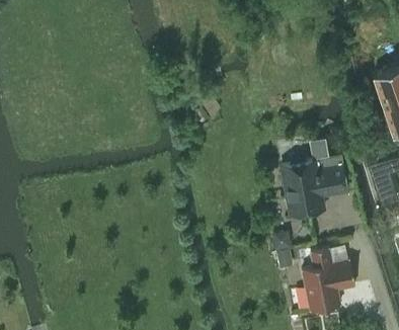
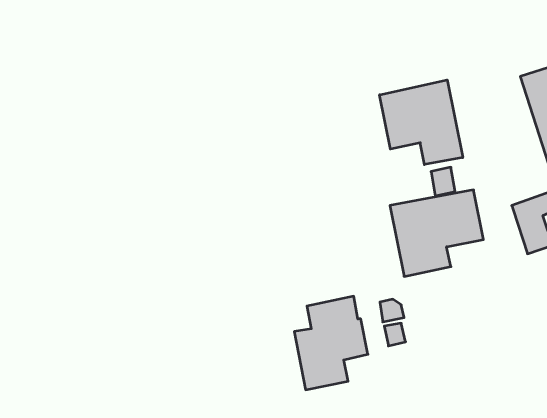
building: none -> [380,80,463,165]
building: [301,245,353,312] -> [294,296,368,390]

